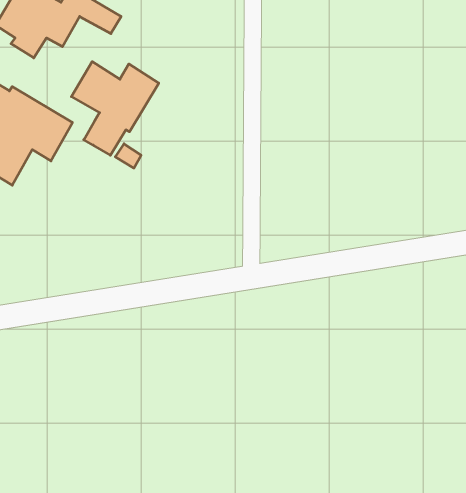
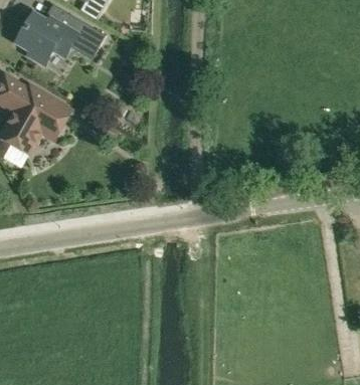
building: [71,62,159,155] -> none

